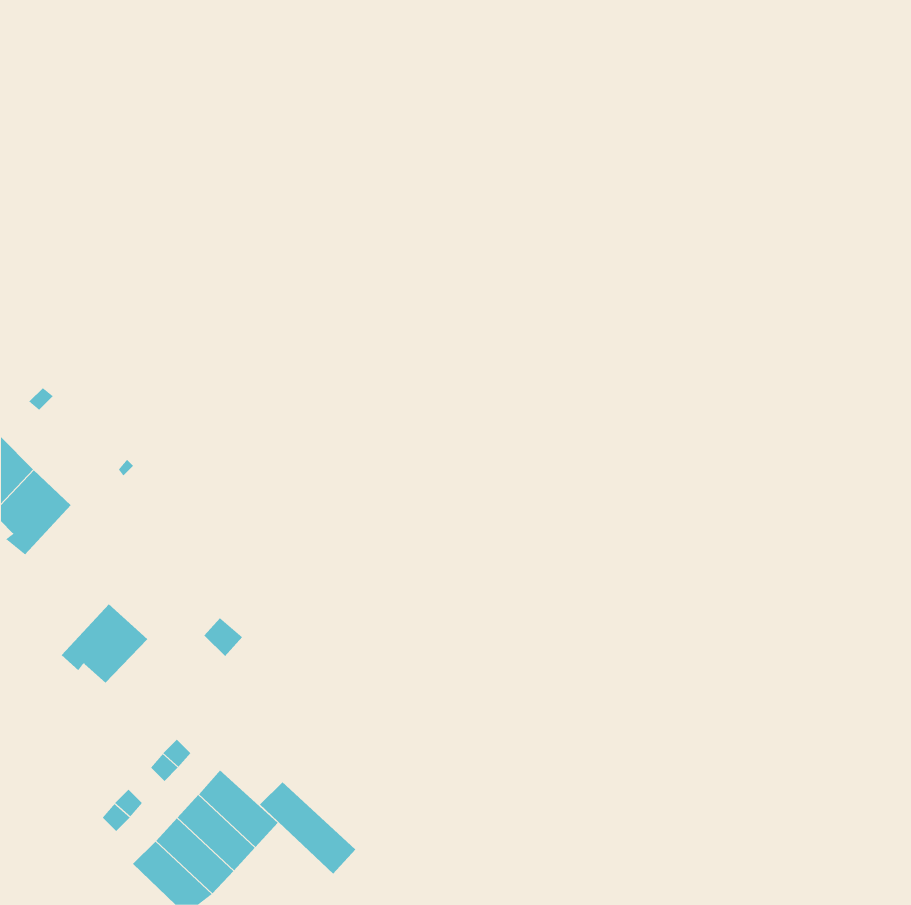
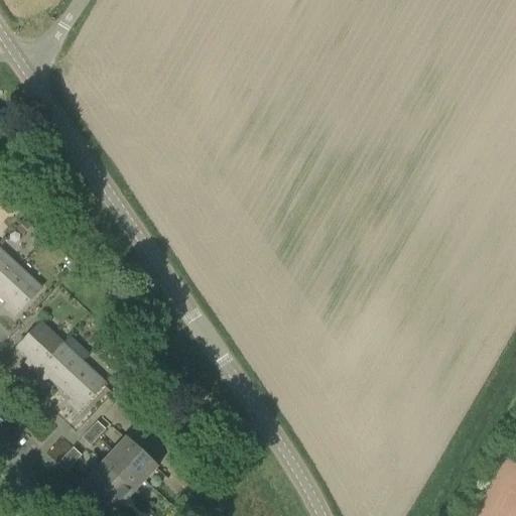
building: none -> [17,320,62,370]
building: none -> [60,361,106,410]
building: [259,782,356,874] -> none

